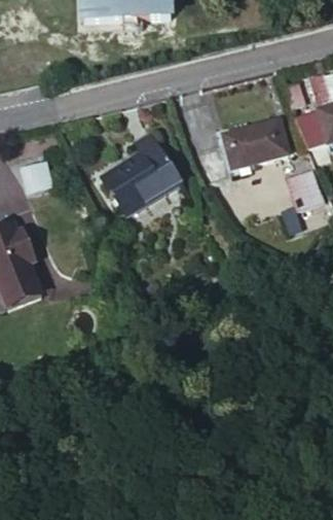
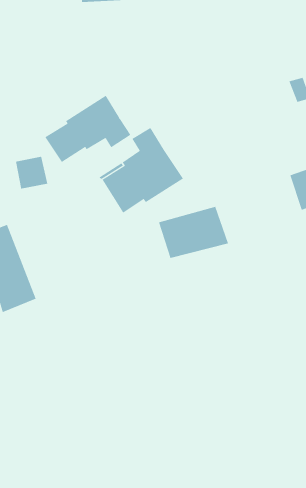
building: none -> [45,95,131,163]
building: [222,118,290,169] -> [158,206,229,259]

